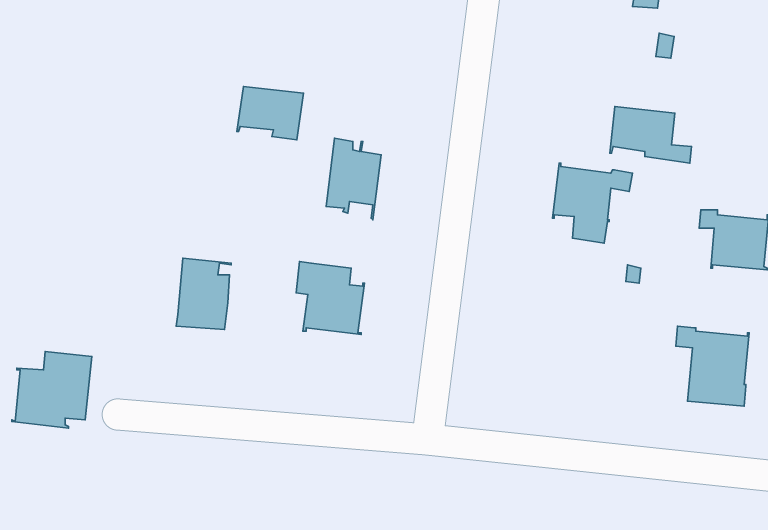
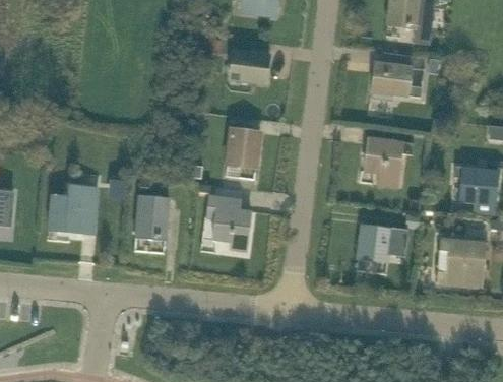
building: [237,87,303,140] -> [230,51,270,83]
building: [610,107,691,163] -> [372,62,422,97]
building: none -> [358,225,406,261]
building: [12,351,92,428] -> [48,185,97,232]

